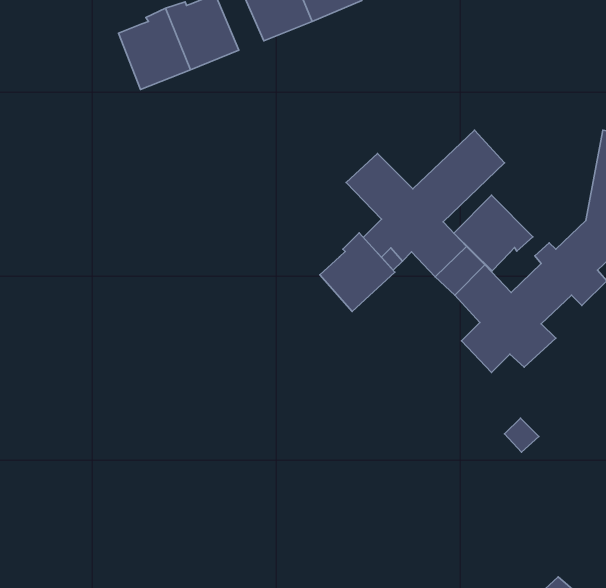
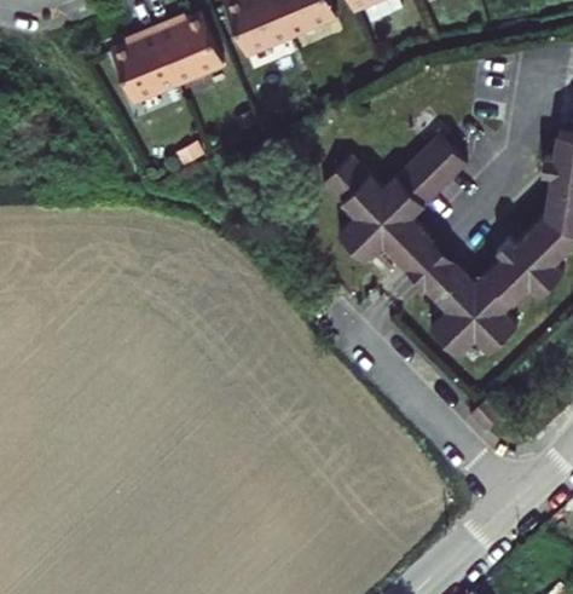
building: [454,195,533,271] -> none
building: [320,233,395,311] -> none

